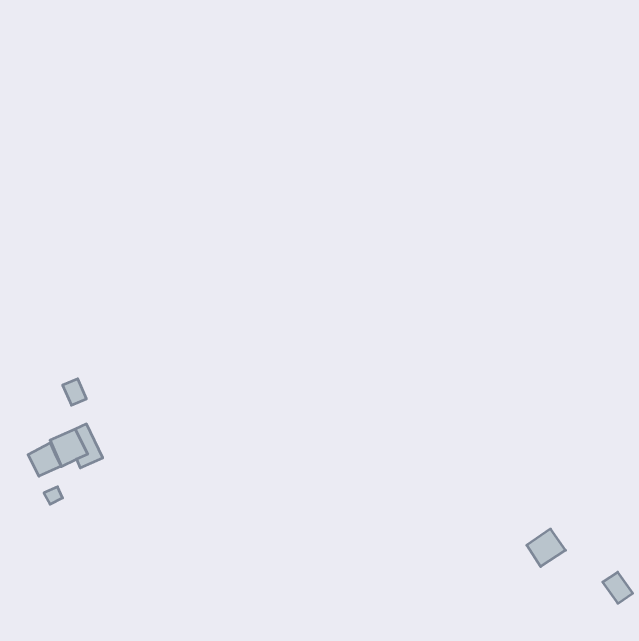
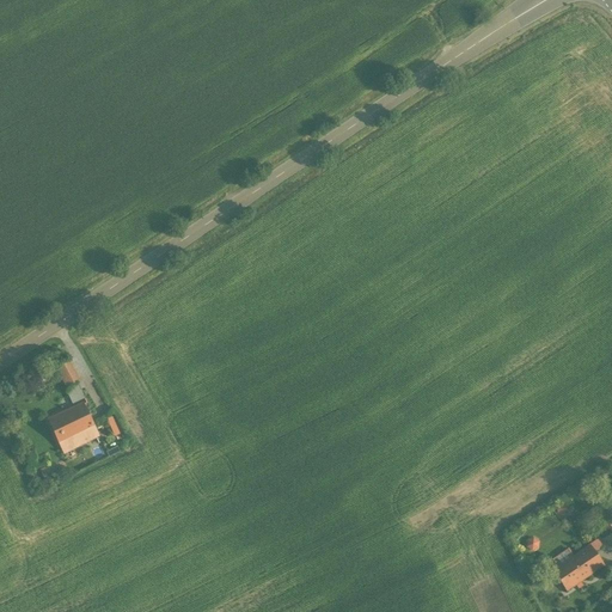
building: [28,443,61,476] -> none
building: [527,529,566,567] -> [553,555,590,590]

